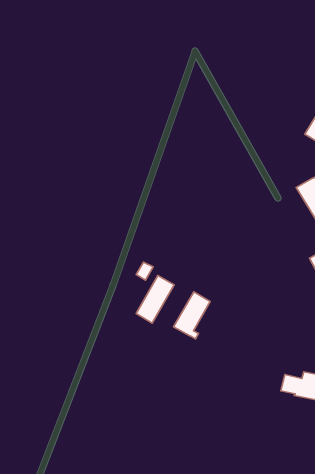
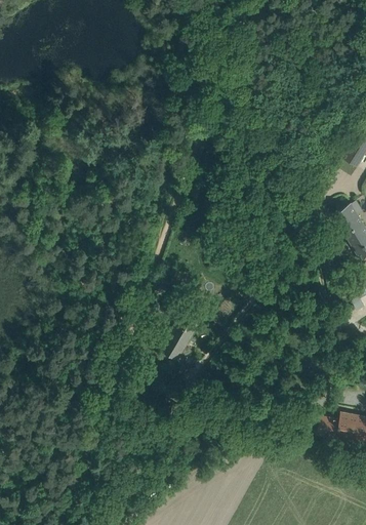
building: [174,292,210,339] -> none

